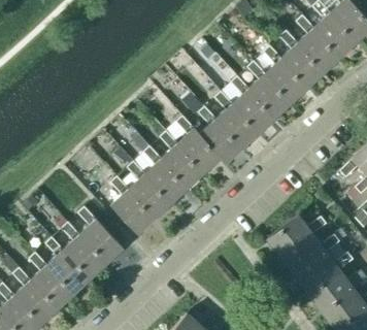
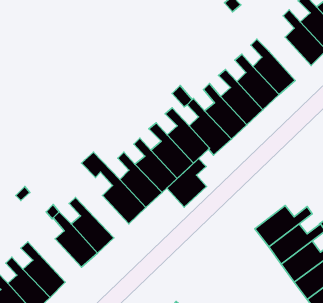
building: [280,31,326,88] -> none
building: none -> [167,159,206,207]
building: [45,237,91,294] -> none

